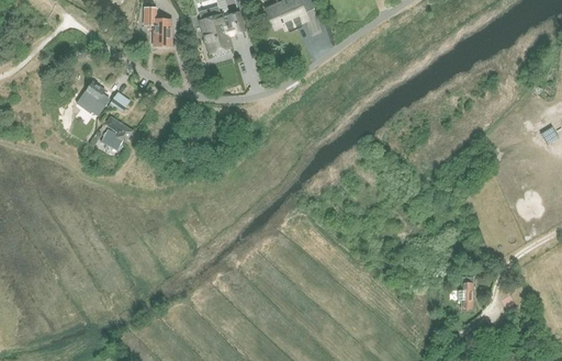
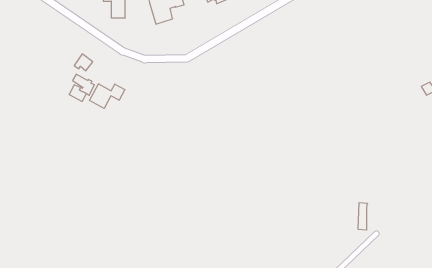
building: [77,80,109,115] -> none
building: none -> [89,84,125,108]

